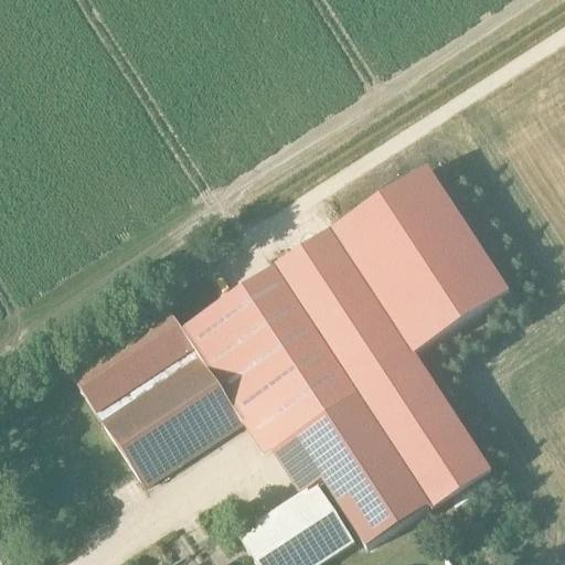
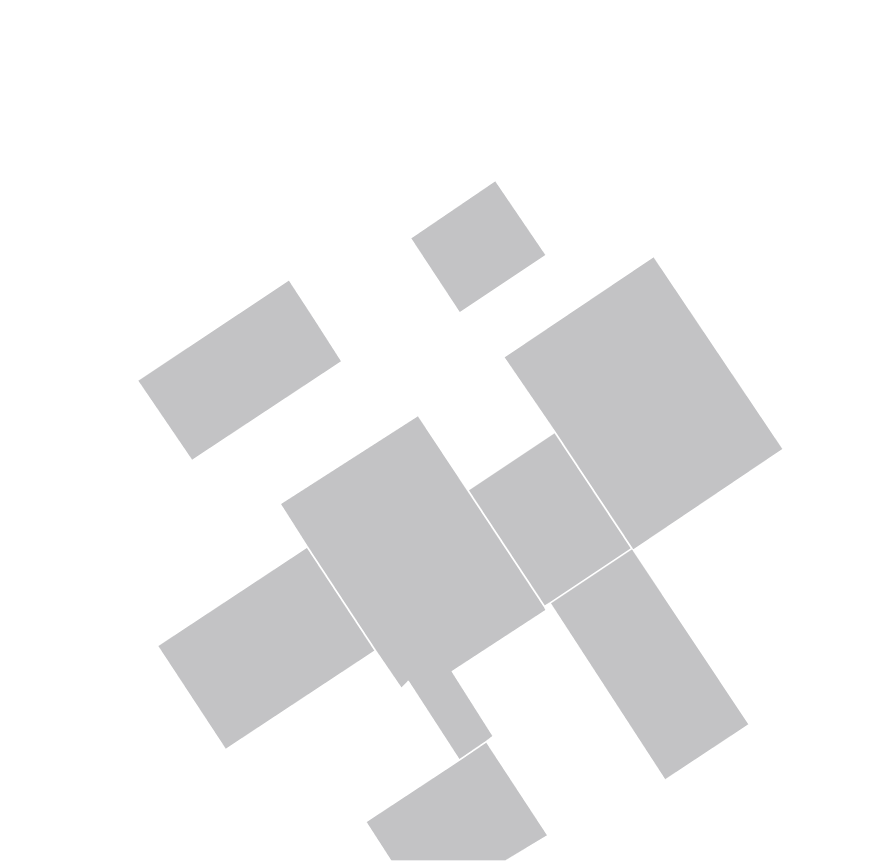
building: [273,231,361,317] -> [410,180,547,313]
building: [68,300,201,417] -> [137,280,342,461]
building: [295,390,431,545] -> none

